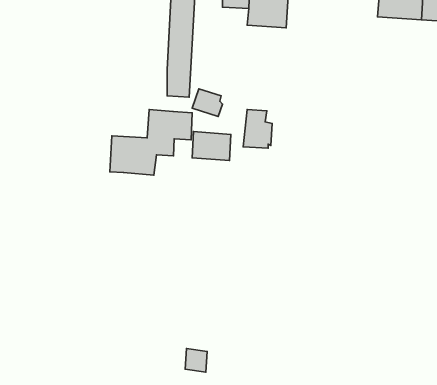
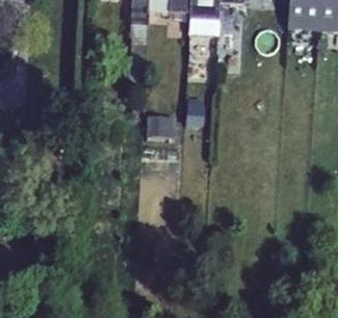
building: [110,110,192,175] -> none

